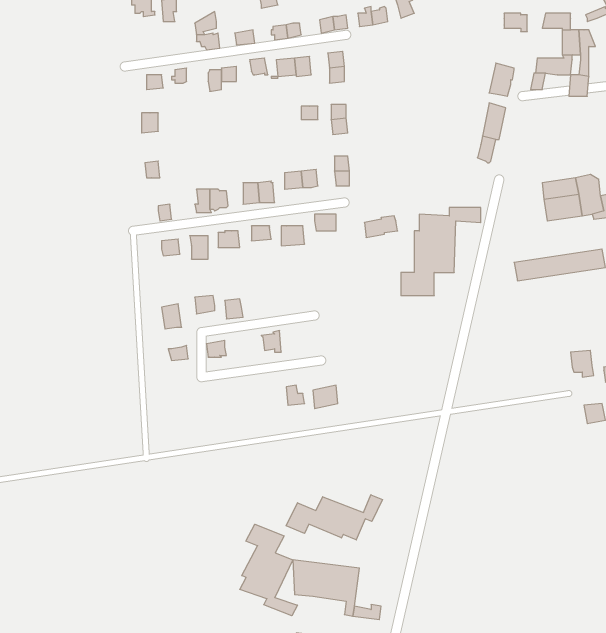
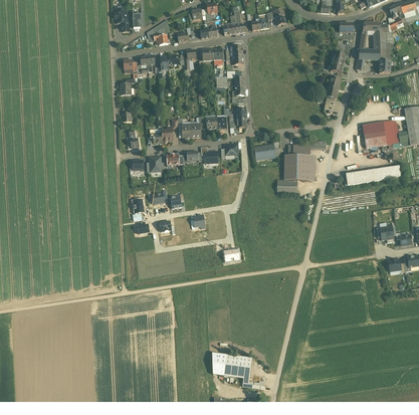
building: [286,495,383,540] -> none
building: [240,524,297,616] -> none

